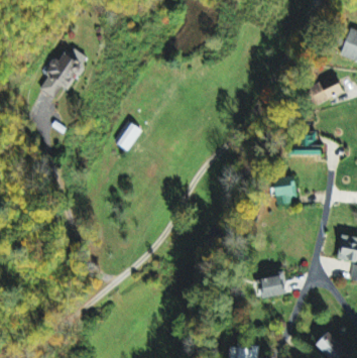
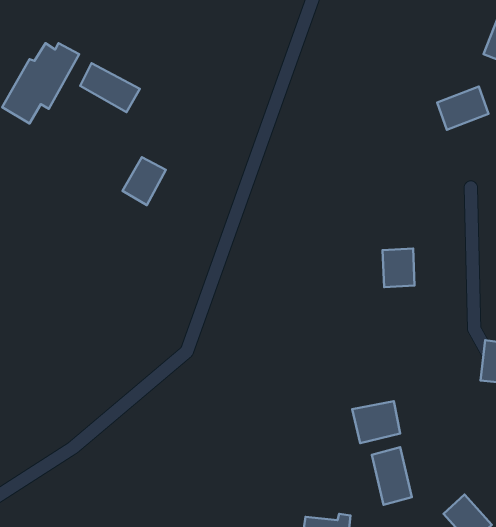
building: none -> [80,63,140,112]
building: none -> [372,447,412,505]

